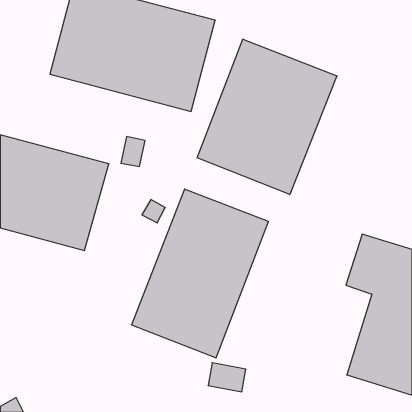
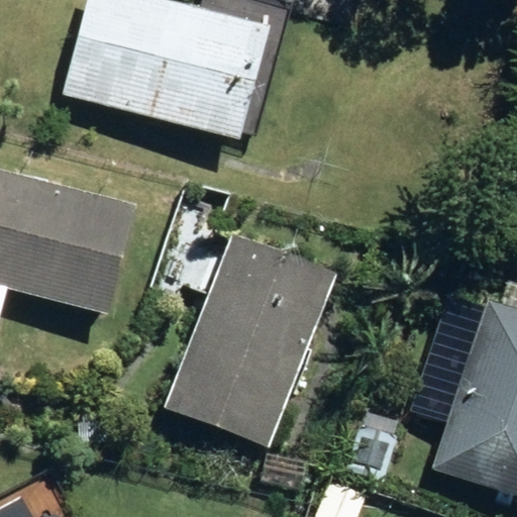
building: [197,39,337,195] -> none

